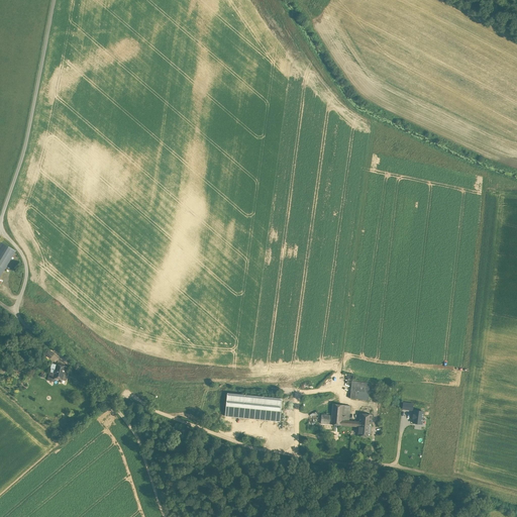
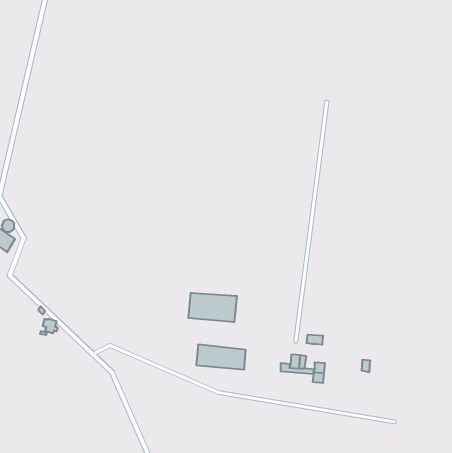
building: none -> [189,293,237,322]

